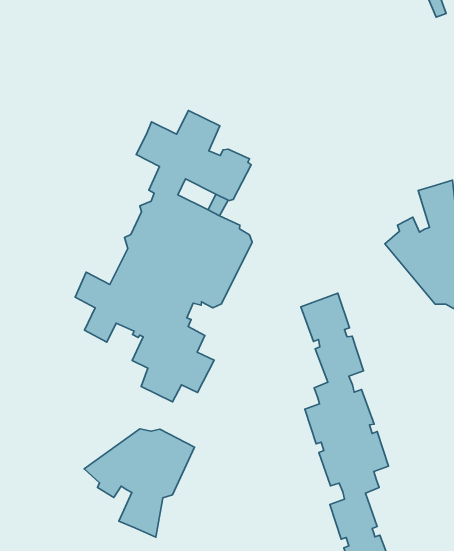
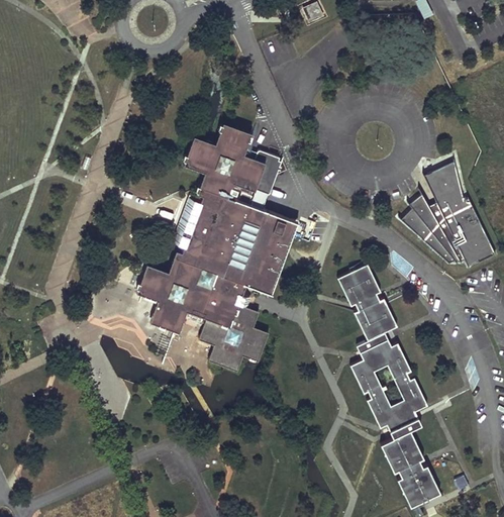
building: [84,429,195,537] -> none

